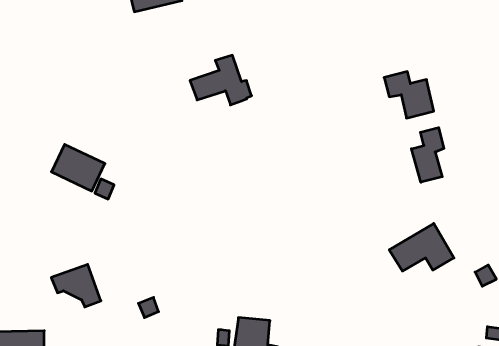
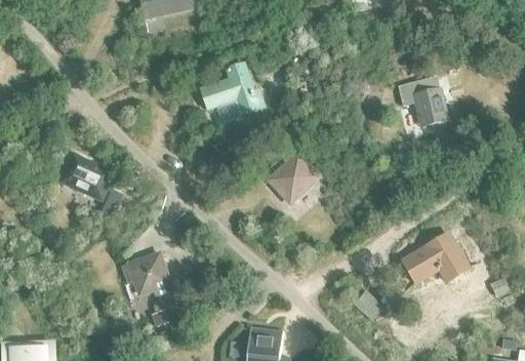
building: [411,128,444,182] -> none
building: none -> [269,146,320,203]
building: [51,264,101,307] -> [122,253,172,296]

